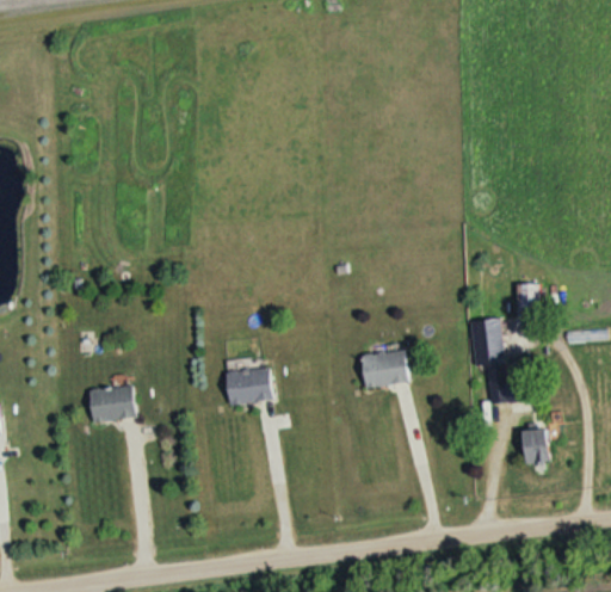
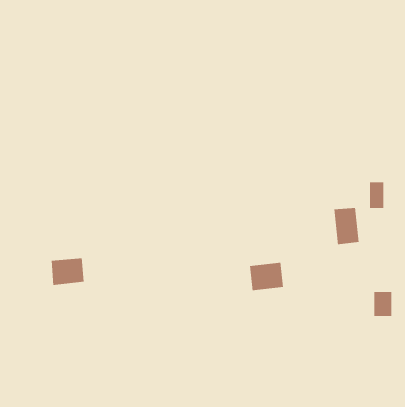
building: [362,349,408,387] -> [249,262,284,291]
building: [226,366,272,403] -> none

